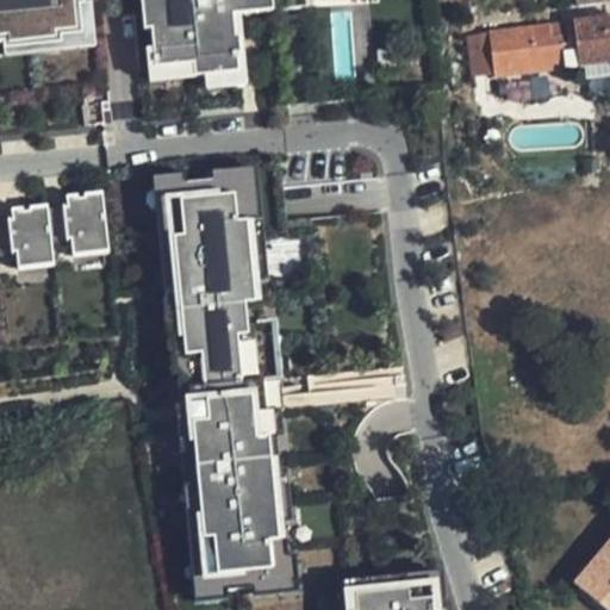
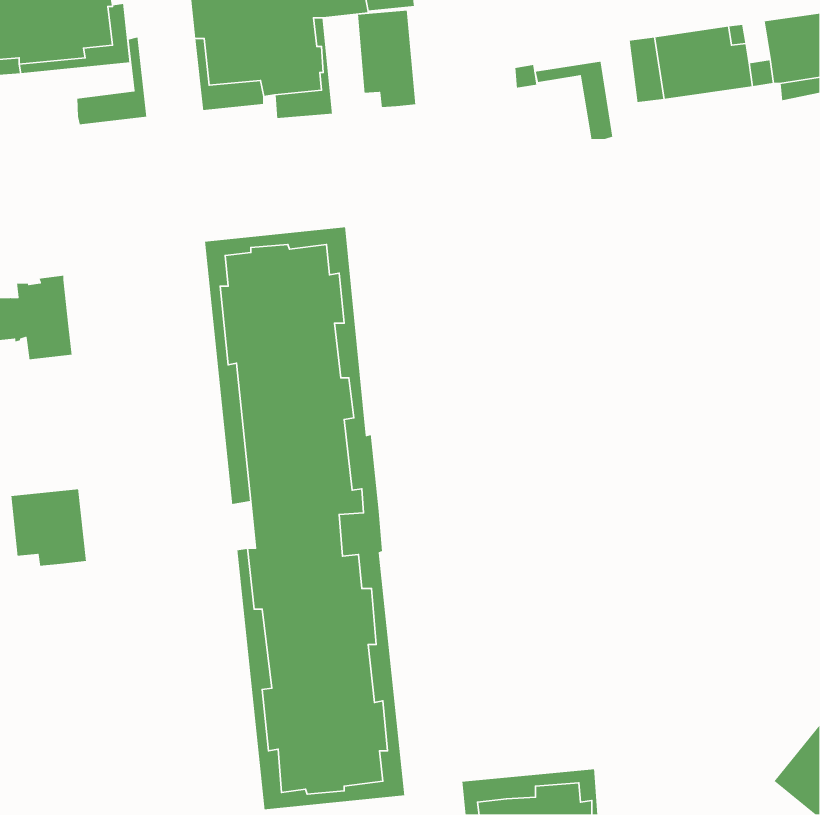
building: none -> [357,10,416,108]
building: none -> [77,37,147,125]
building: none -> [535,61,613,140]
building: [48,192,108,254] -> none
building: none -> [10,489,87,566]

